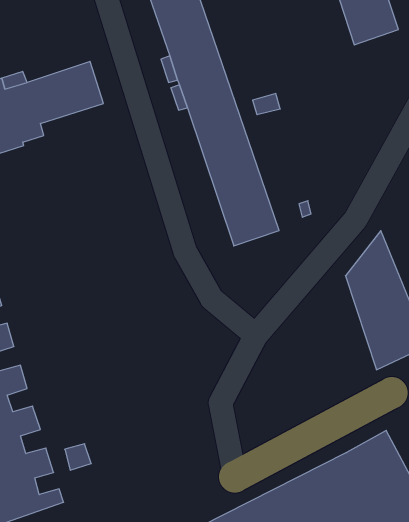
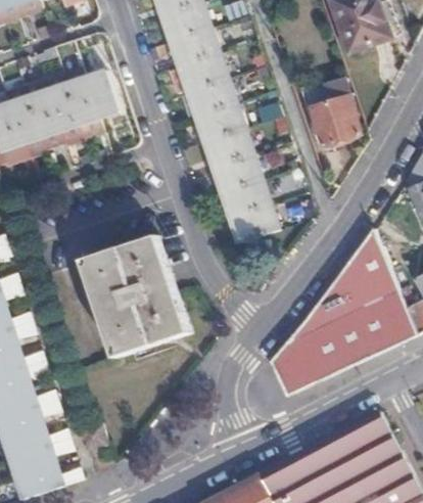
building: none -> [306,79,356,147]
building: none -> [63,234,188,364]
building: none -> [276,270,369,394]

